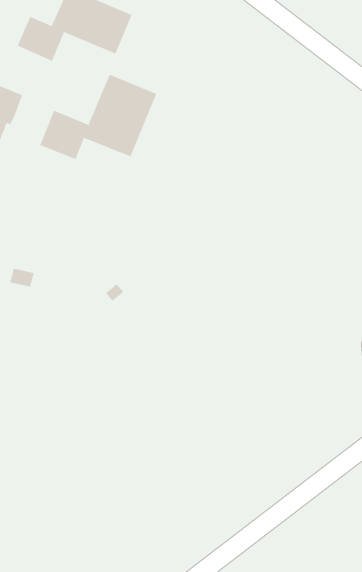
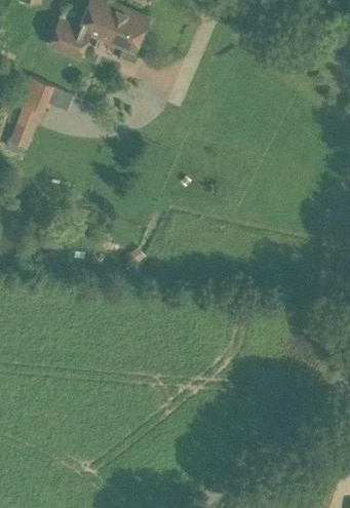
building: [40,74,157,160] -> none

